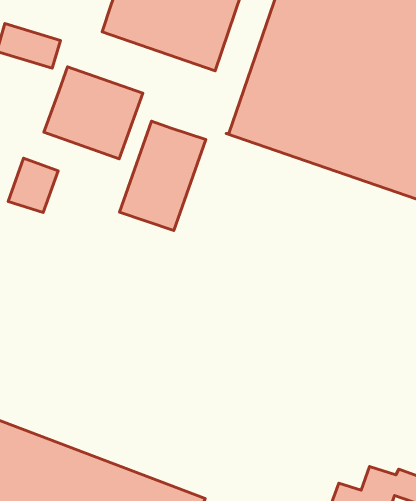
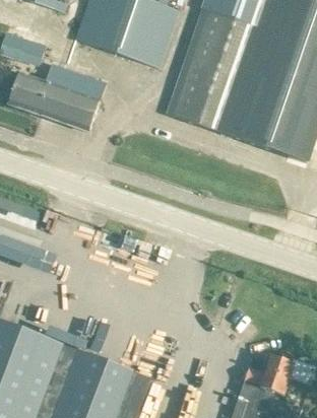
building: [119,121,206,231] -> none
building: [8,158,58,213] -> [9,72,46,112]

